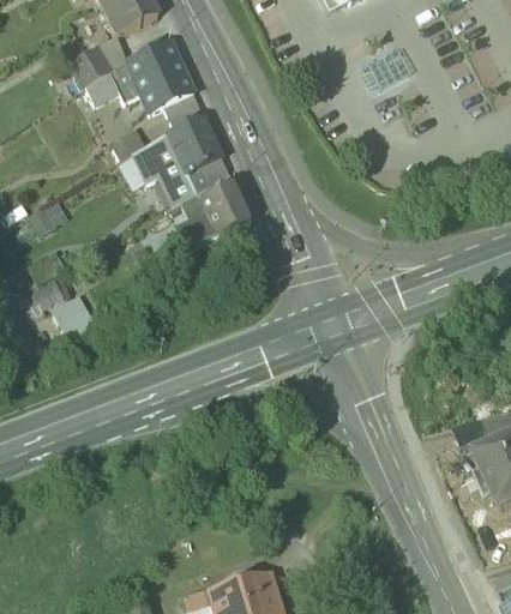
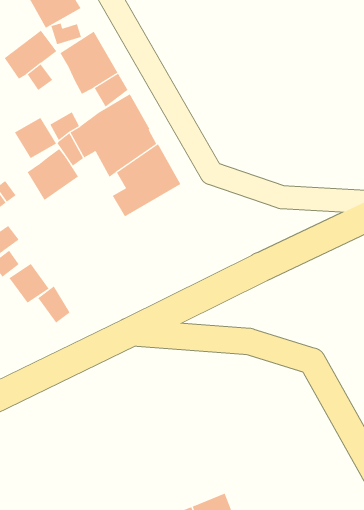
building: [108,62,143,104] -> none
building: none -> [14,117,57,159]
building: none -> [27,148,79,201]
building: none -> [38,285,71,324]

